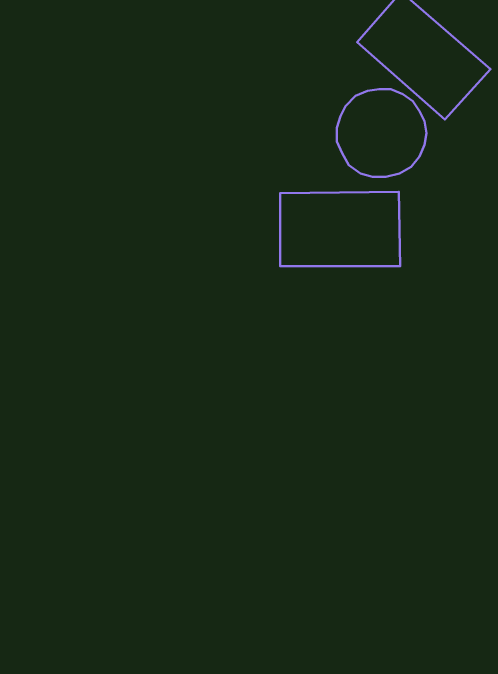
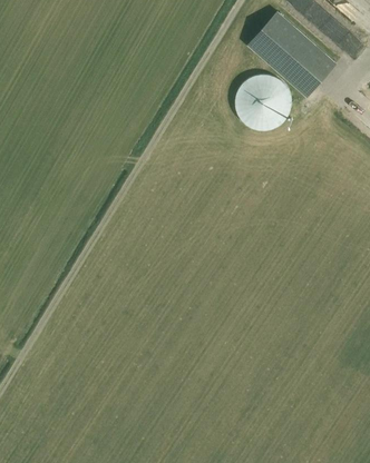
building: [280,192,400,266] -> none

